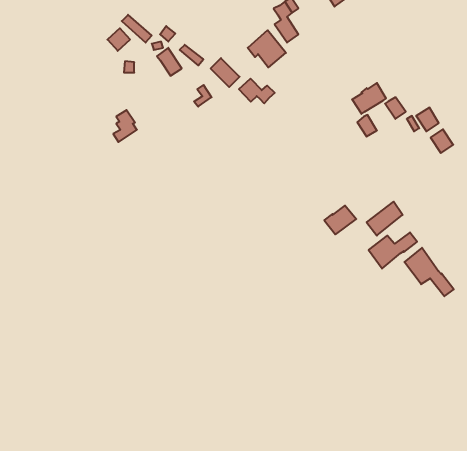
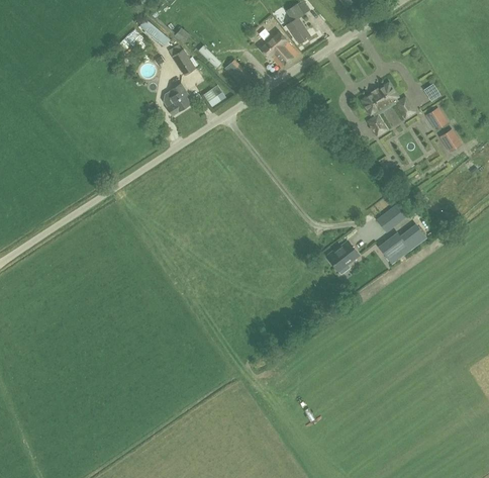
building: [239,79,275,103] -> none
building: [113,110,137,142] -> [167,84,190,115]
building: [324,206,356,234] -> [326,242,358,270]
building: [404,248,454,296] -> none

